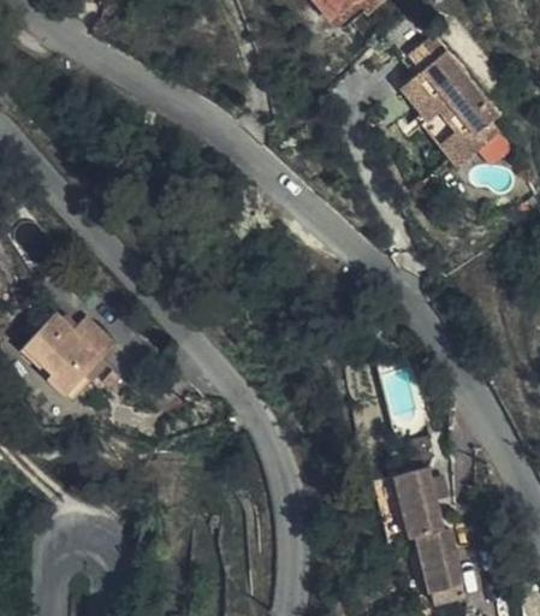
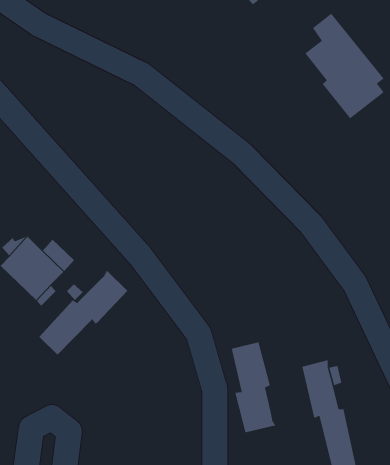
building: none -> [38,270,128,355]
building: none -> [231,342,276,433]

